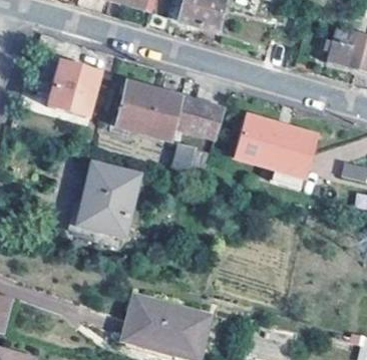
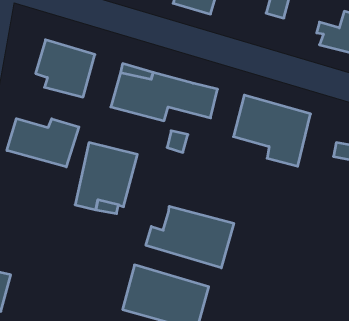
building: none -> [7,119,79,167]
building: none -> [146,206,234,268]

